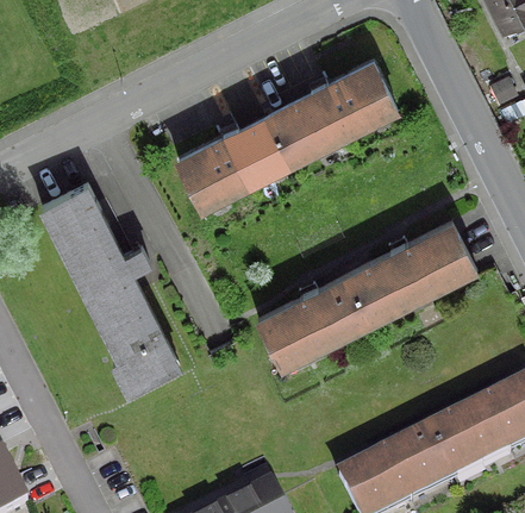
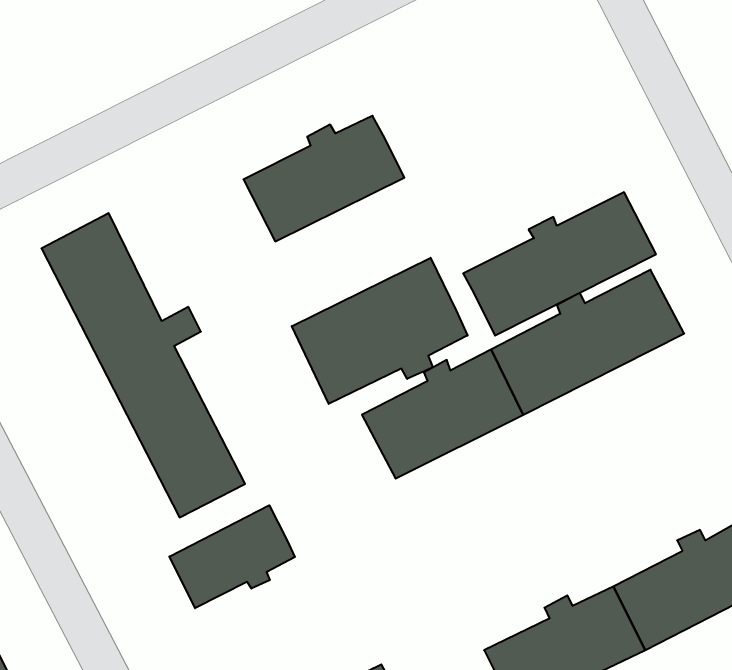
building: [264,64,394,161] -> [463,192,656,336]
building: none -> [292,258,468,404]
building: none -> [169,505,295,608]

